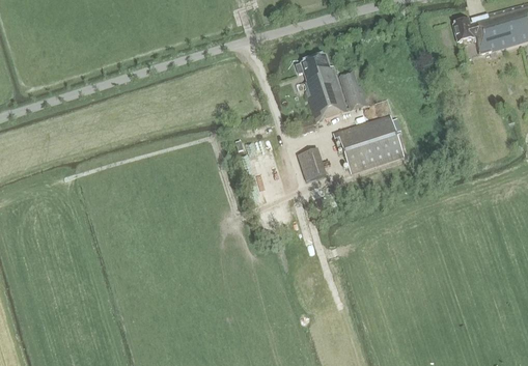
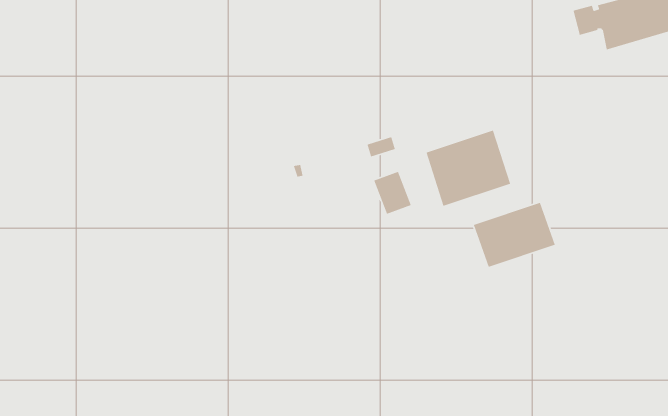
building: [294,53,366,121] -> none
building: none -> [473,202,556,268]

